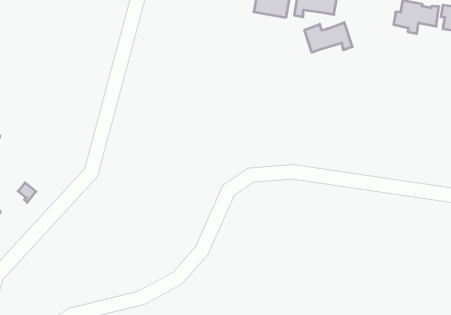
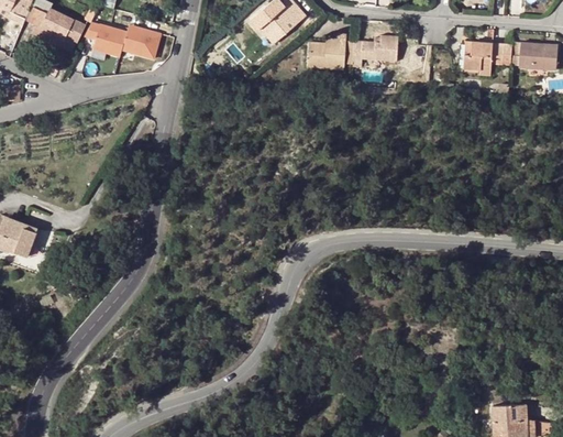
building: [305,22,352,52] -> none

